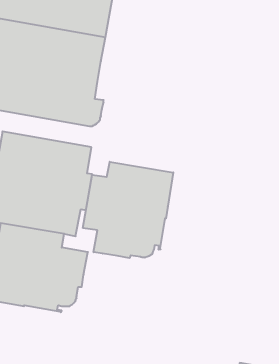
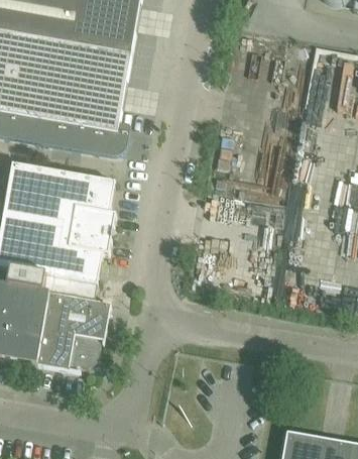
building: [83,162,173,258] -> none

